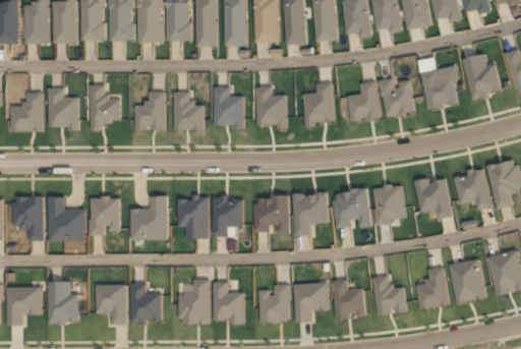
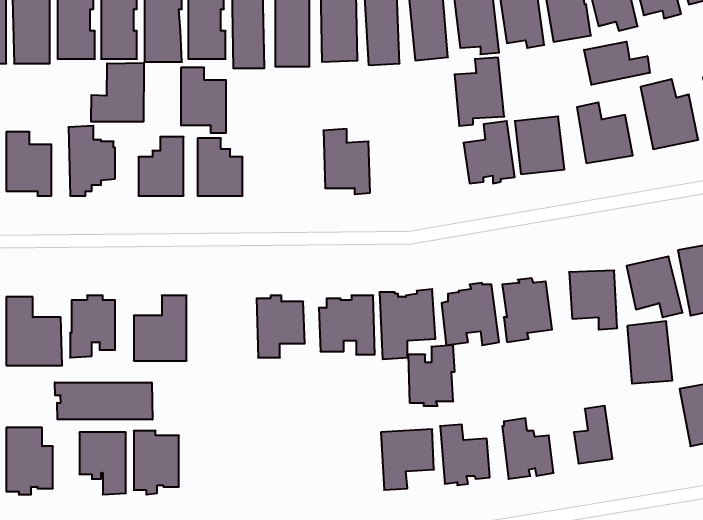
building: none -> [584,42,650,85]
building: none -> [91,63,144,122]
building: [303,82,336,127] -> [454,58,504,126]
building: [215,88,244,130] -> [181,68,226,133]
building: [179,195,209,239] -> none
building: none -> [55,382,152,420]
building: [453,260,482,301] -> [627,321,672,384]
building: [179,280,210,325] -> none
building: [214,282,244,325] -> none
building: [259,284,290,324] -> [408,345,455,406]

